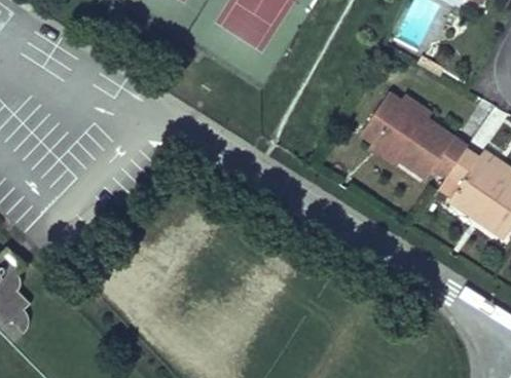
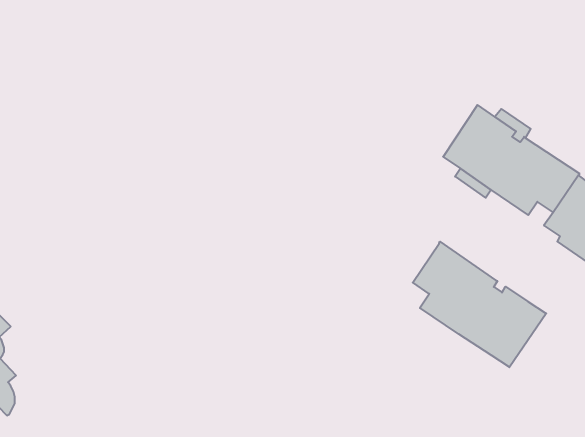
building: none -> [413,242,546,367]

